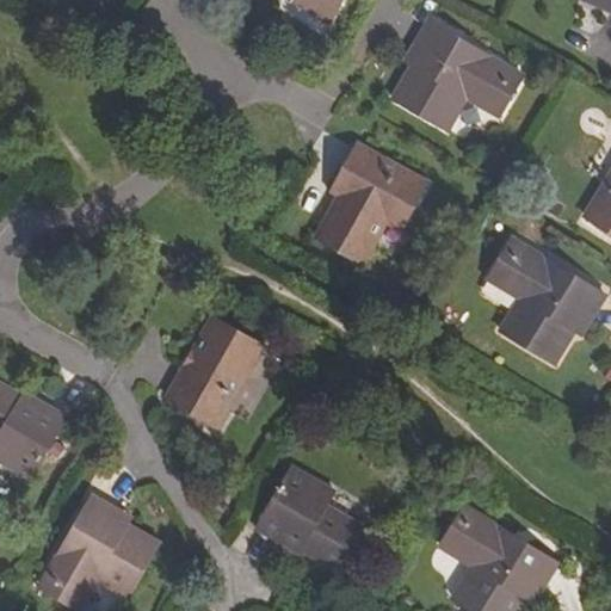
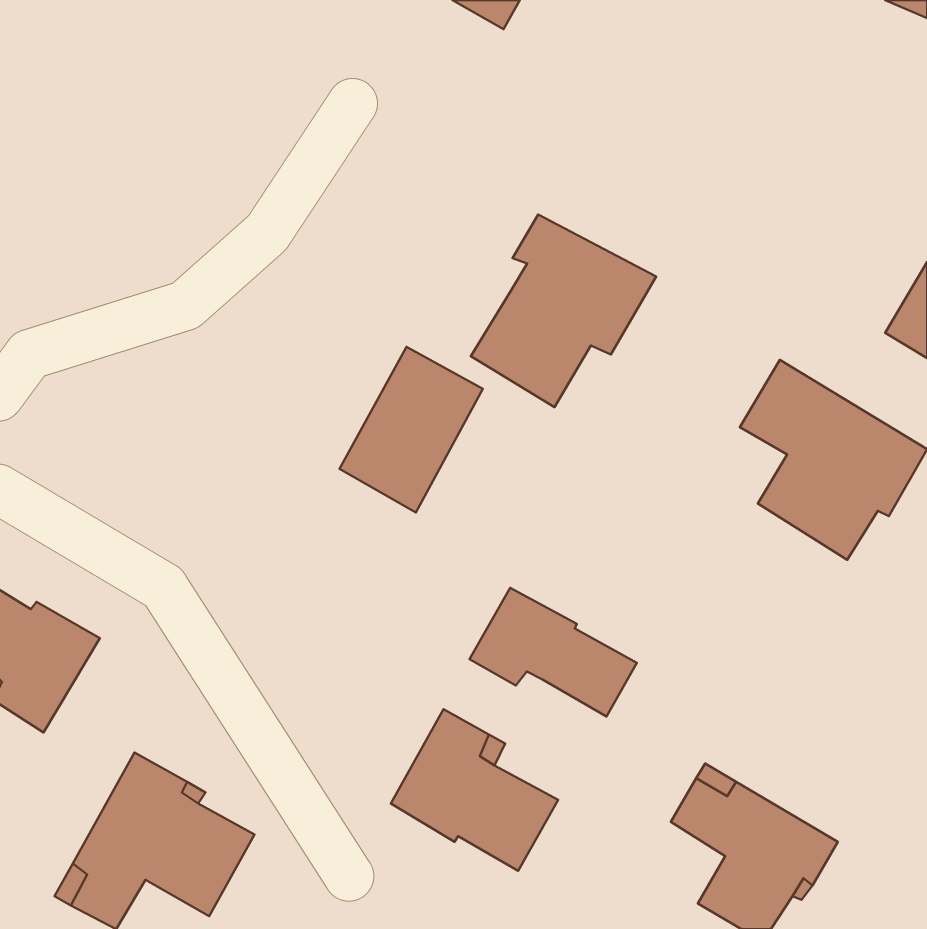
building: [390,18,525,134] -> none
building: [163,320,258,428] -> [339,347,483,512]
building: none -> [469,588,637,717]

